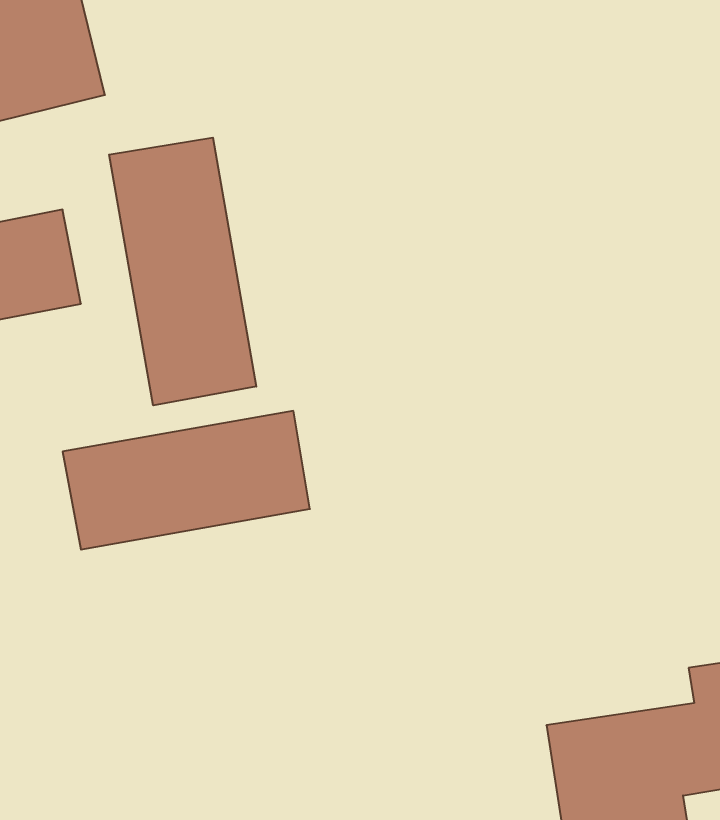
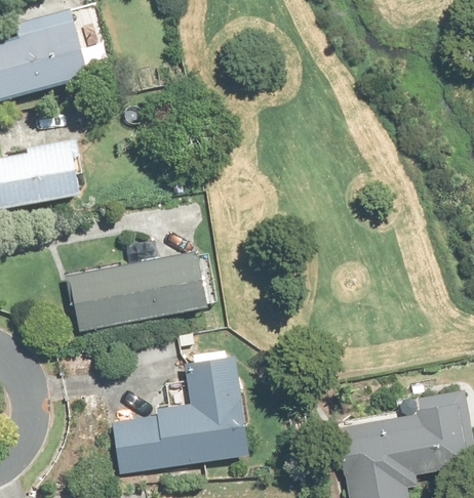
building: [109,138,256,405] -> none
building: none -> [111,358,247,474]

